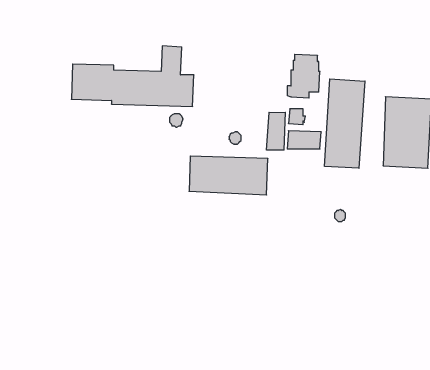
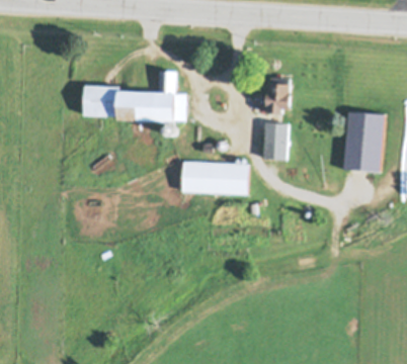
building: [325,79,365,168] -> none
building: [267,112,285,150] -> none

